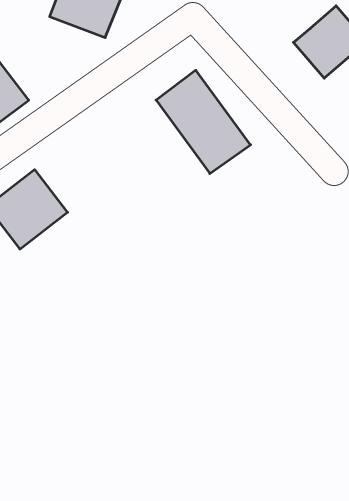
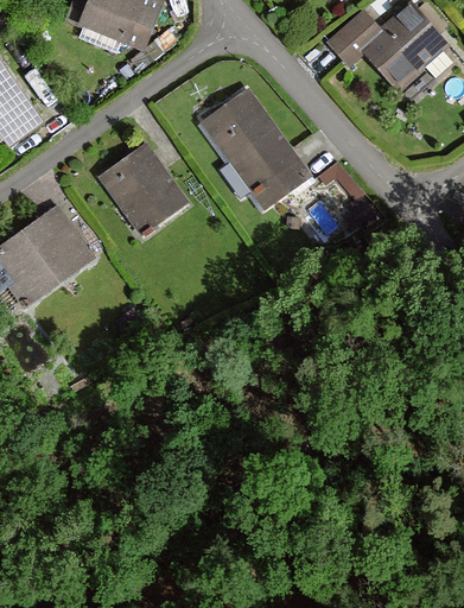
building: none -> [323,12,383,70]
building: none -> [95,141,186,235]

